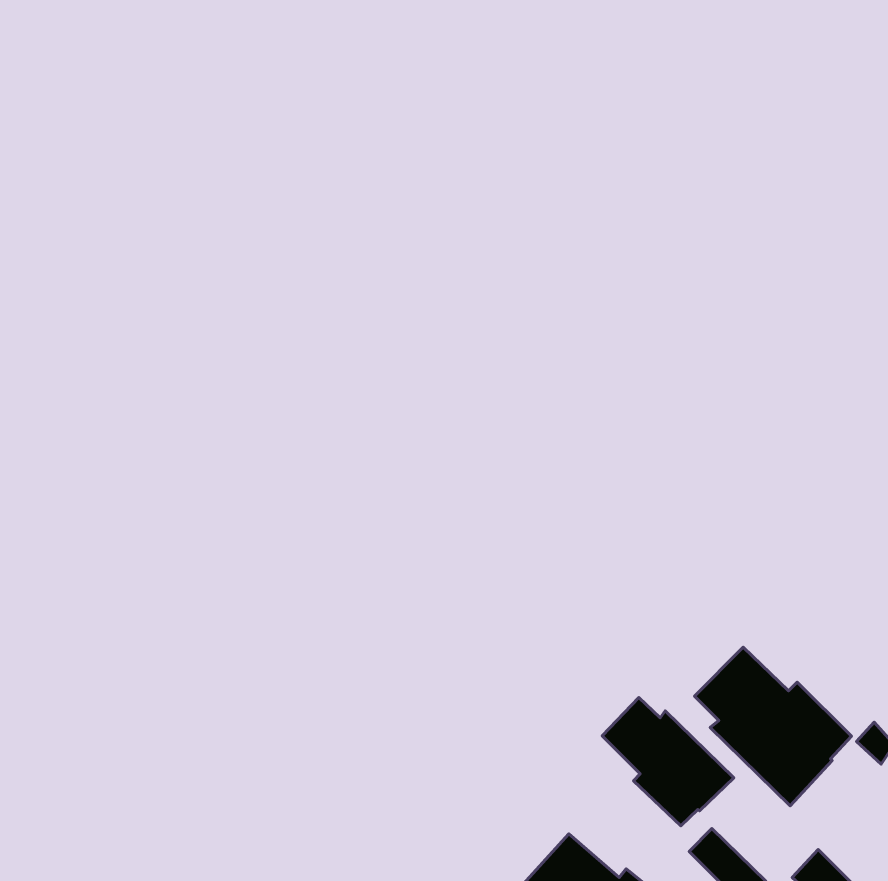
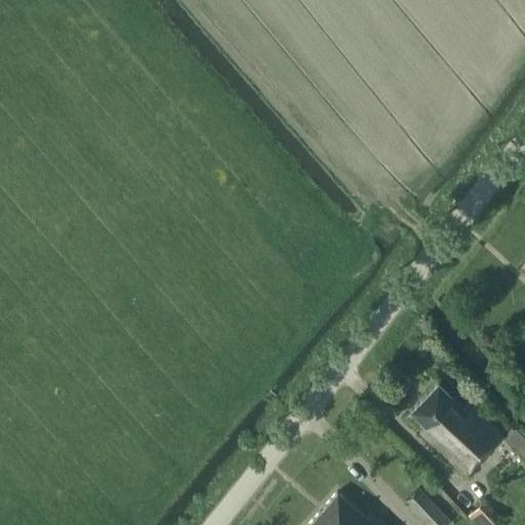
building: [602,697,734,826] -> none

